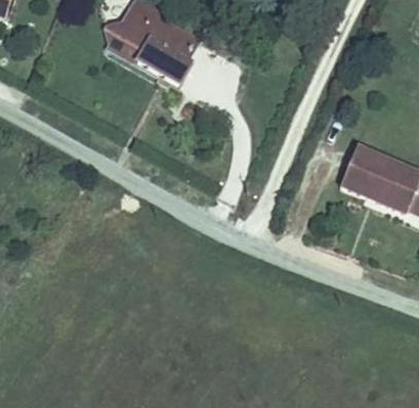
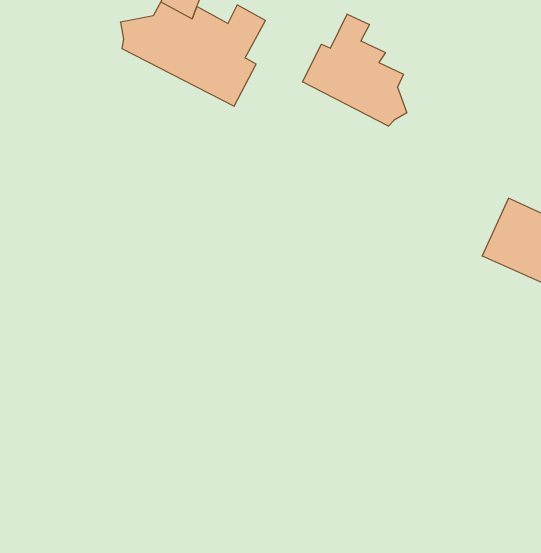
building: none -> [302,14,407,126]

